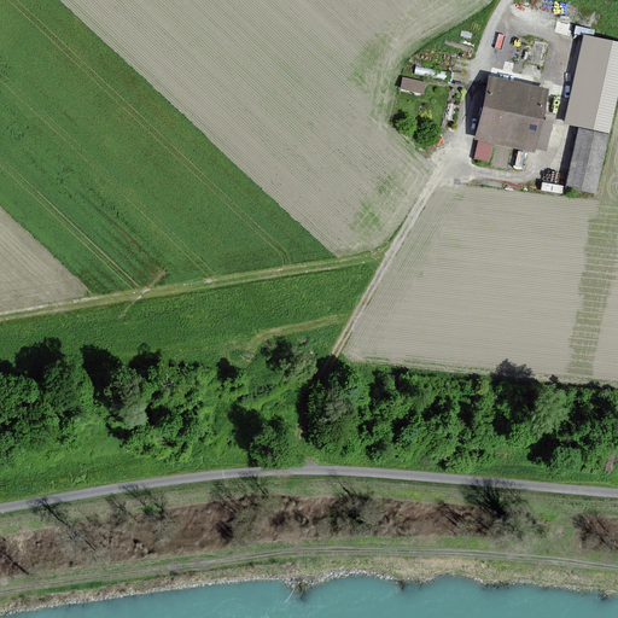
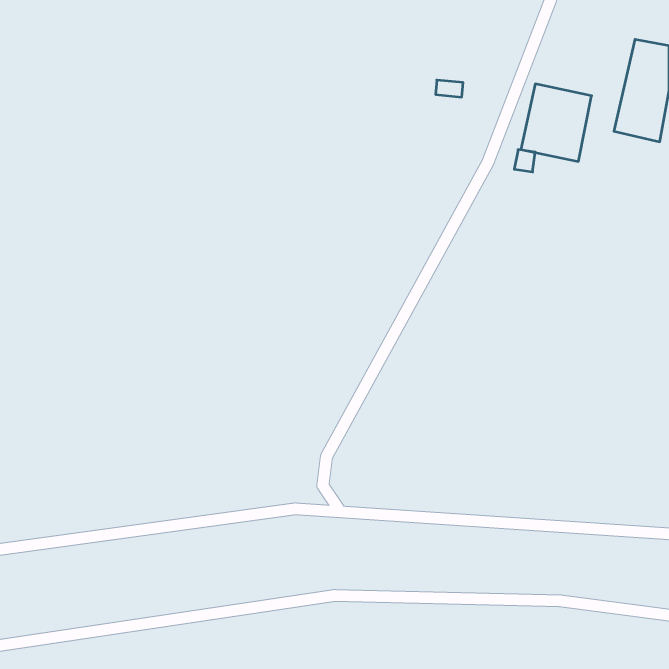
building: [567,130,607,192] -> none

